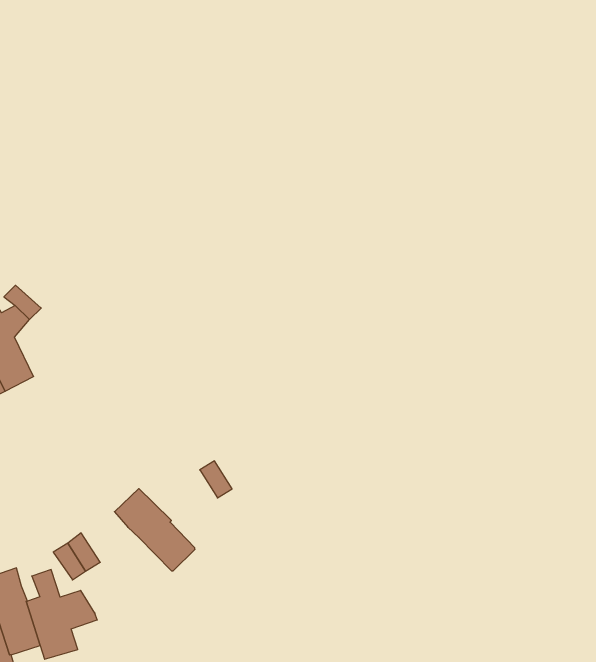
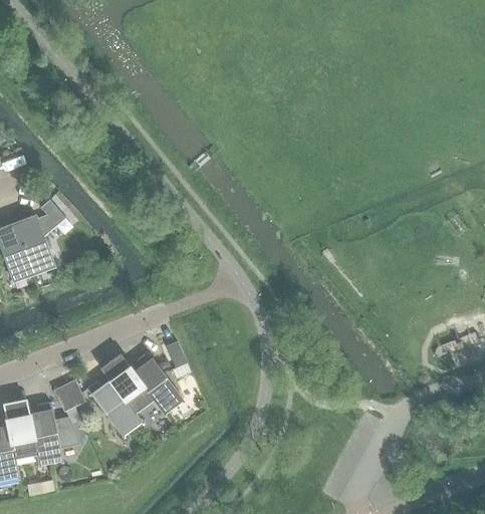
building: none -> [136,352,183,415]
building: none -> [86,380,142,436]

